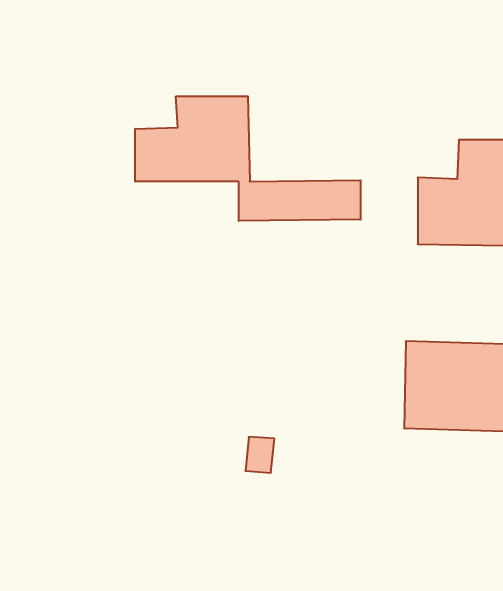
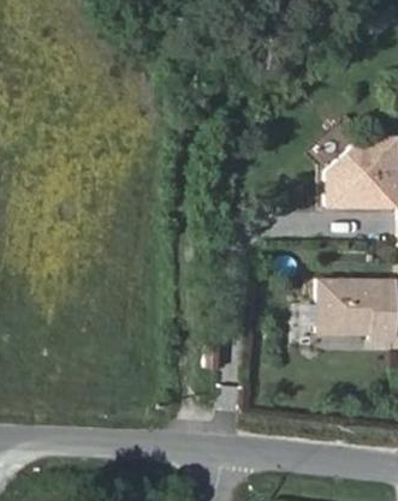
building: [135,96,361,221] -> none

